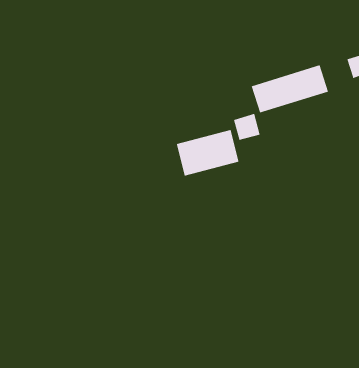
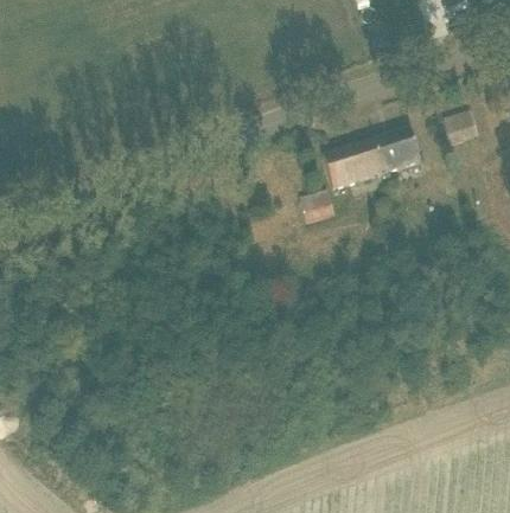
building: [176,129,239,177] -> none

